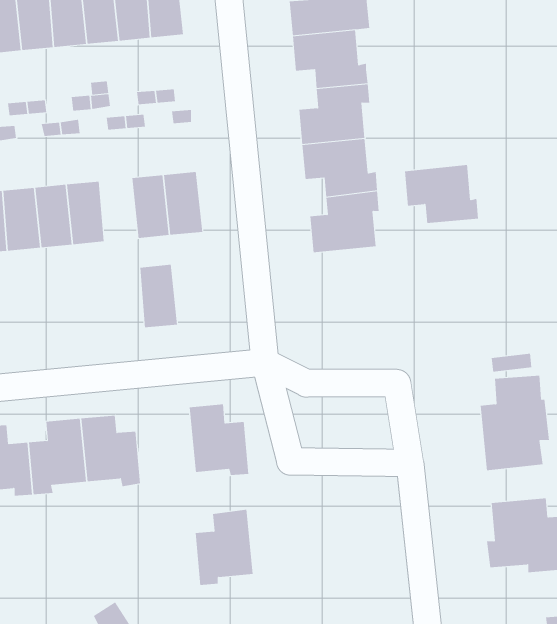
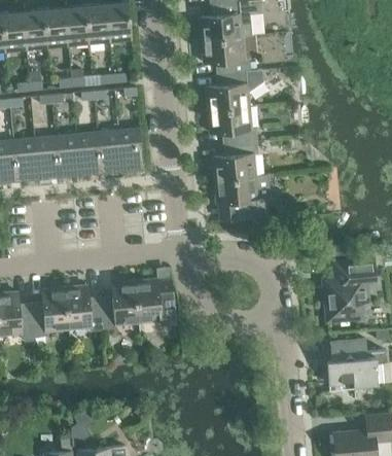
building: [404,165,479,224] -> [215,176,263,214]
building: [140,264,178,328] -> [77,132,102,173]
building: [195,509,254,585] -> [101,280,139,329]

